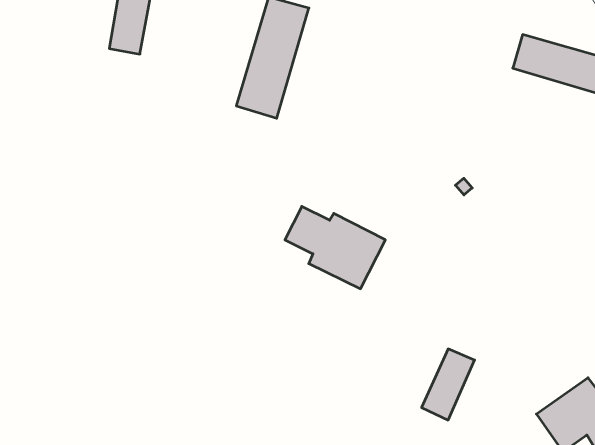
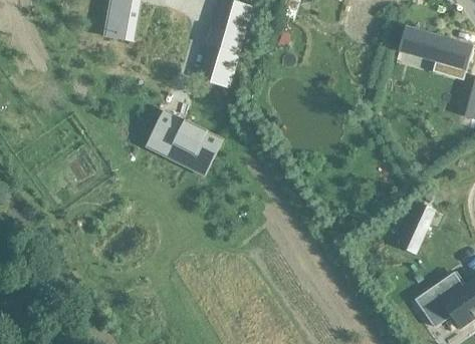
building: [285,206,385,289] -> [150,115,222,175]
building: [422,349,475,420] -> [397,203,435,254]

